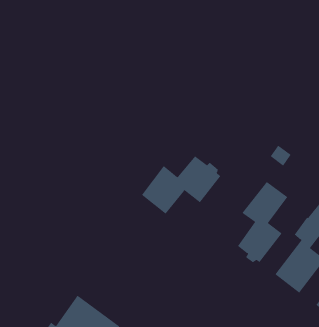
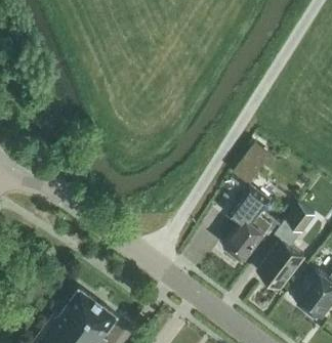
building: [141,156,221,215] -> none

